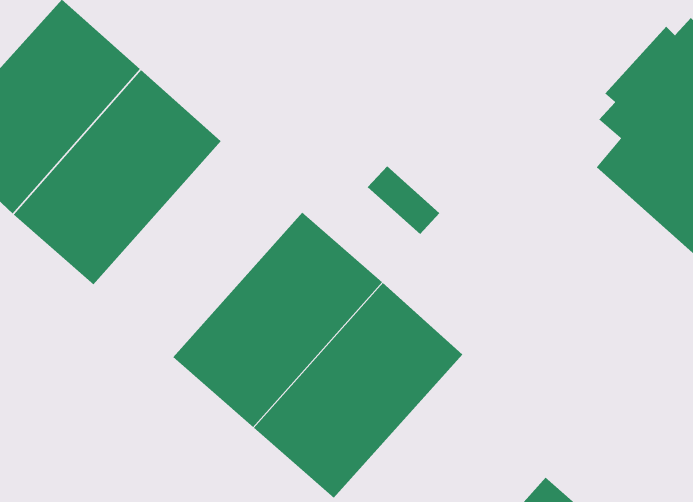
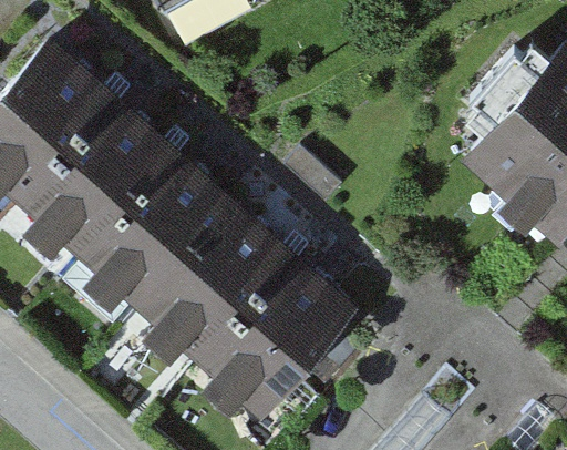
building: none -> [76,145,237,311]

